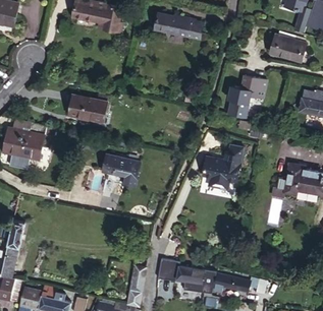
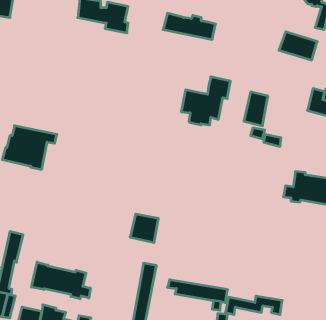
building: [237,77,270,101] -> none
building: [66,97,105,122] -> none
building: [202,144,248,189] -> [181,77,230,125]
building: [103,149,129,176] -> [130,214,158,243]
building: none -> [31,262,90,299]

